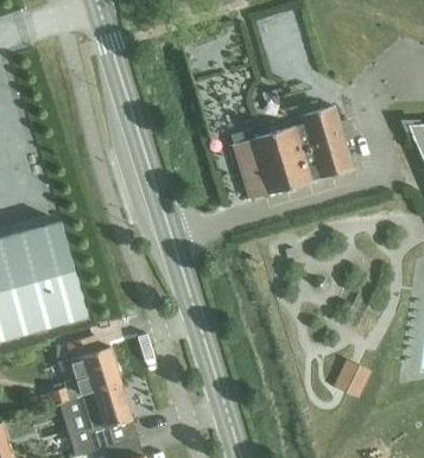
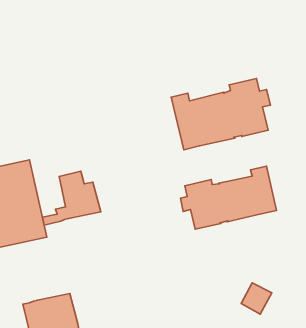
building: none -> [180,166,276,229]
building: [48,336,119,405] -> [43,171,101,225]

